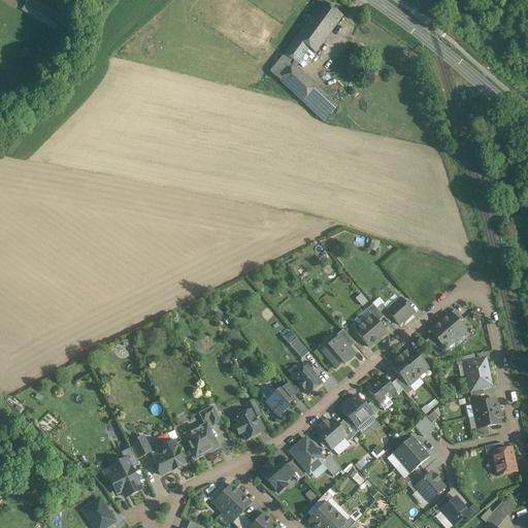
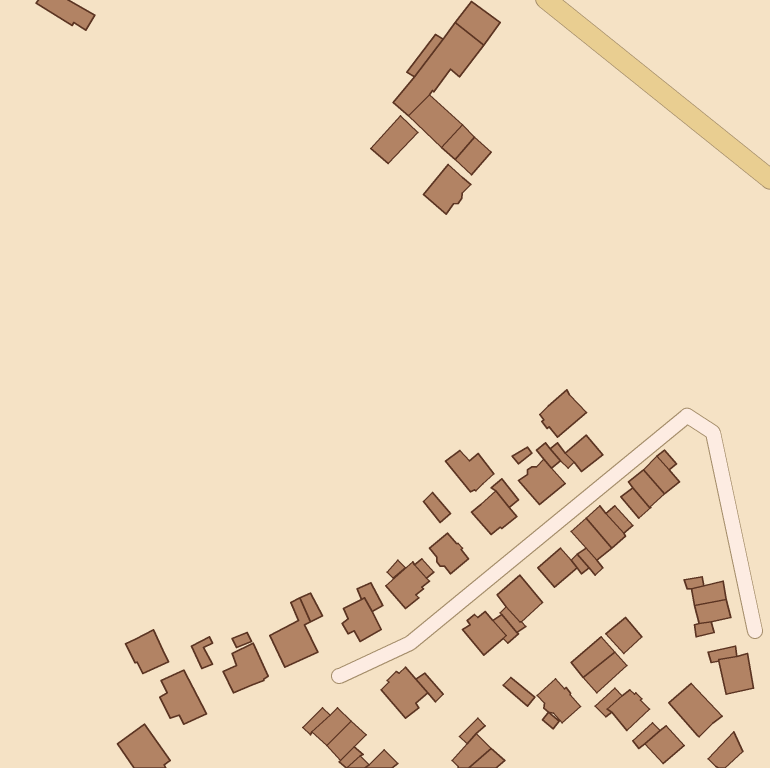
building: none -> [371,116,418,163]
building: none -> [423,165,471,214]
building: none -> [540,390,586,437]
building: none -> [445,450,494,492]
building: [465,357,491,390] -> none
building: none -> [126,630,168,674]
building: [290,437,325,472] -> none
building: none -> [537,679,581,723]
building: none -> [669,683,722,737]

